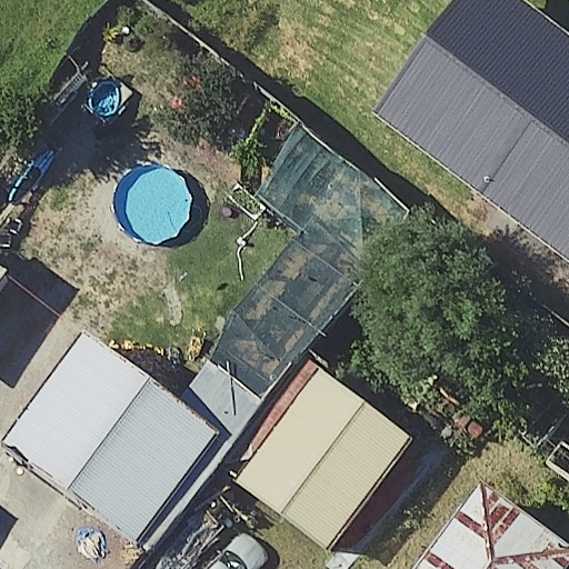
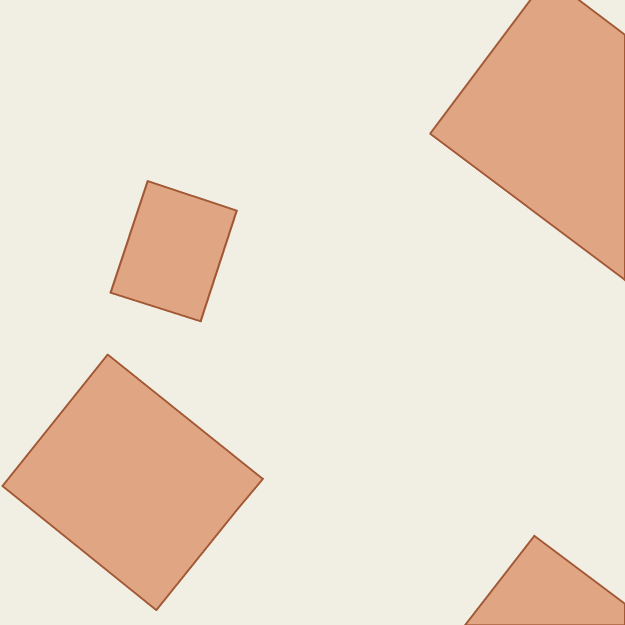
building: [212,350,419,555] -> none

